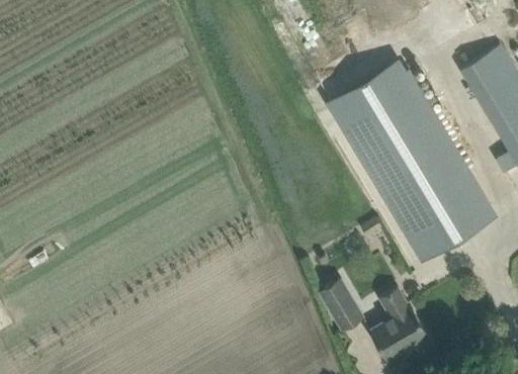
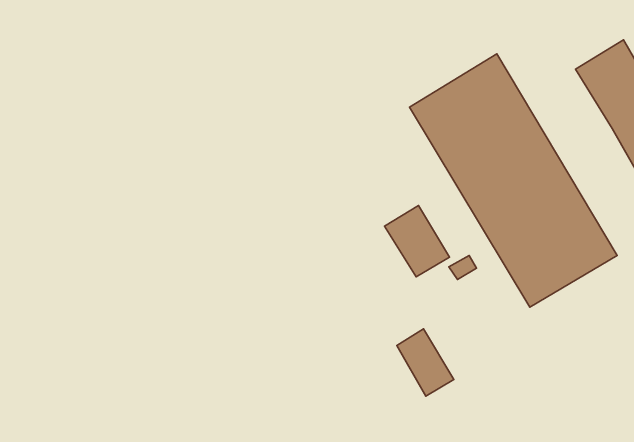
building: none -> [384,205,450,277]
building: [370,287,430,363] -> none

